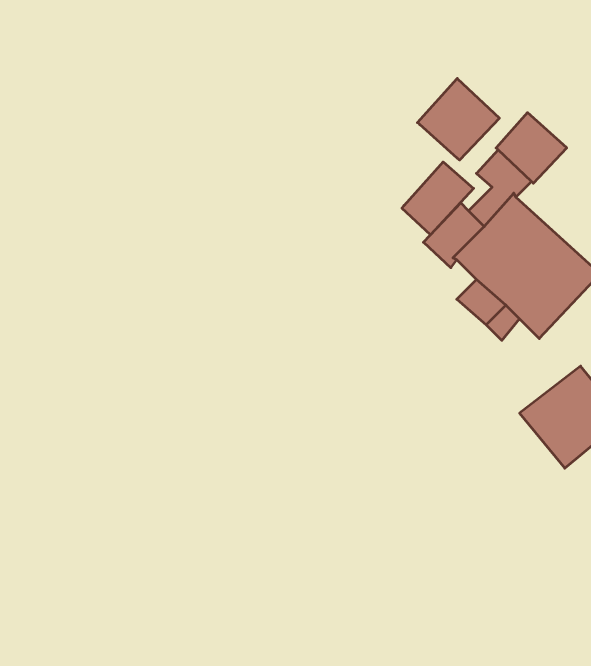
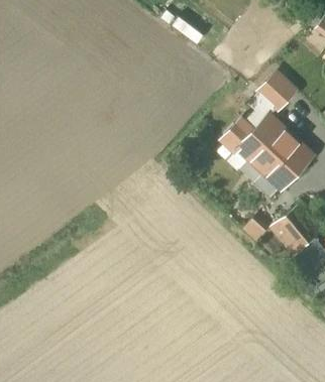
building: [417,78,499,160] -> none
building: [402,162,474,235] -> none

